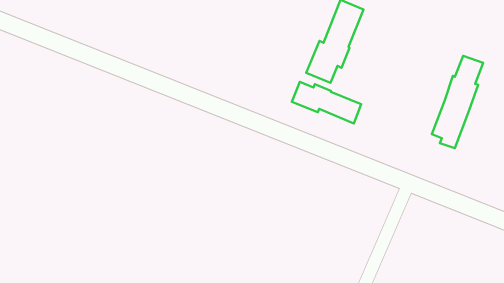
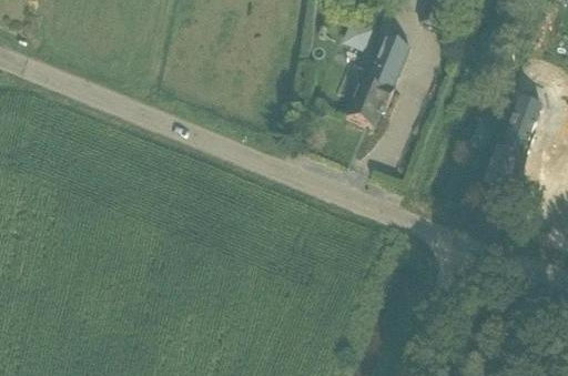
building: [292,82,361,123] -> none

